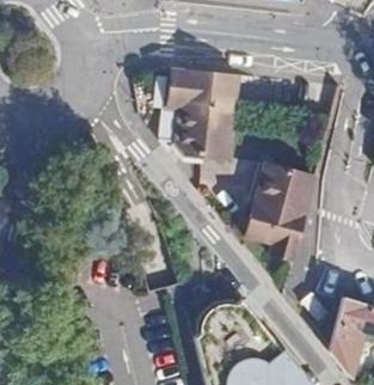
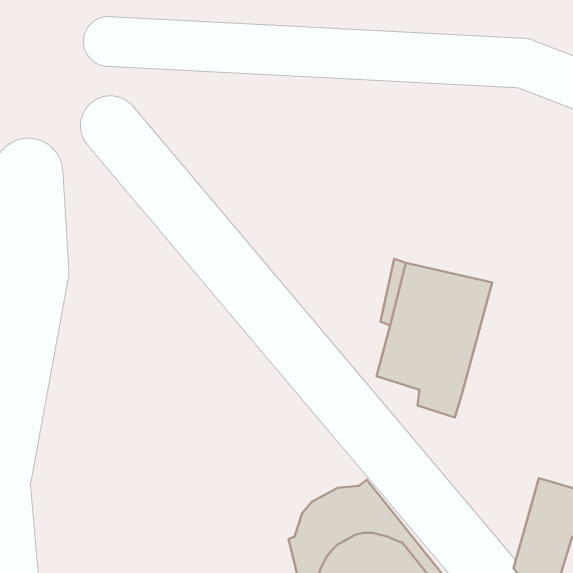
building: [167,69,235,159] -> none

